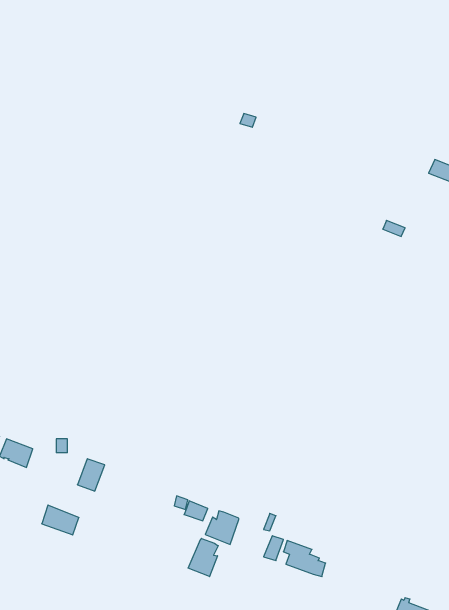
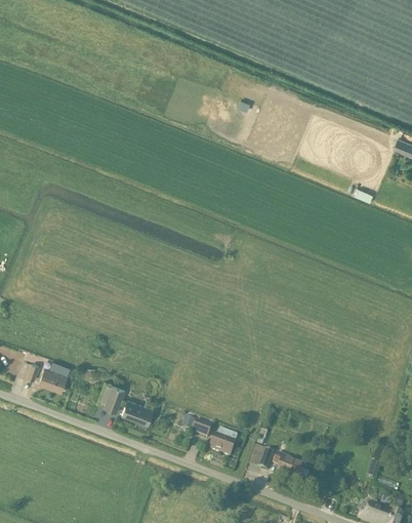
building: [42,505,79,535] -> [121,398,152,423]
building: [188,538,218,577] -> none

